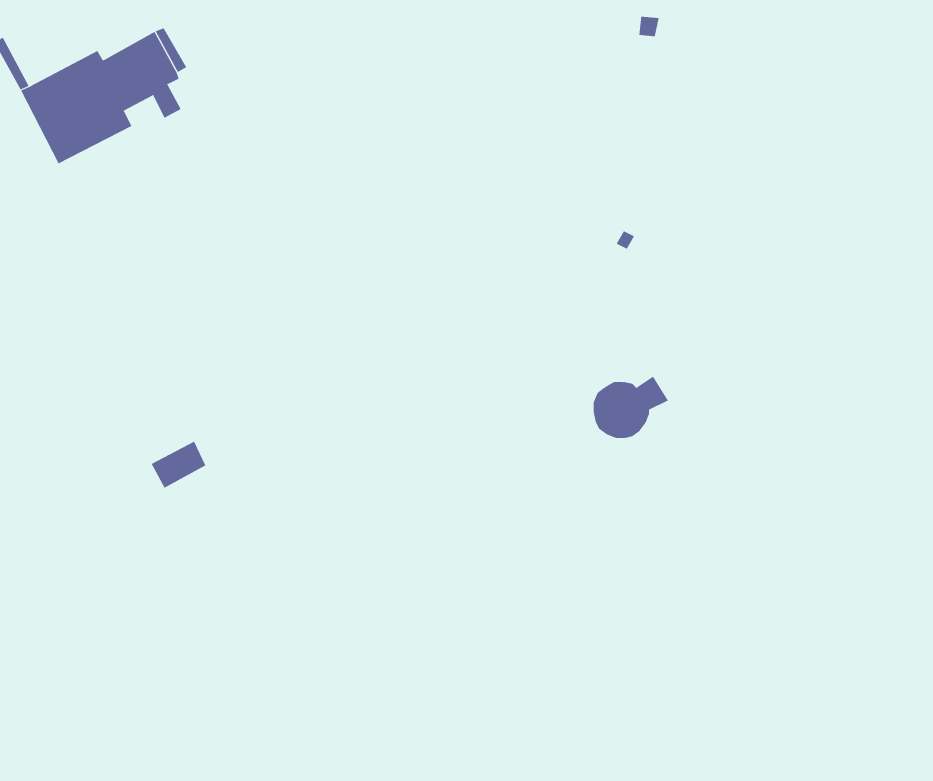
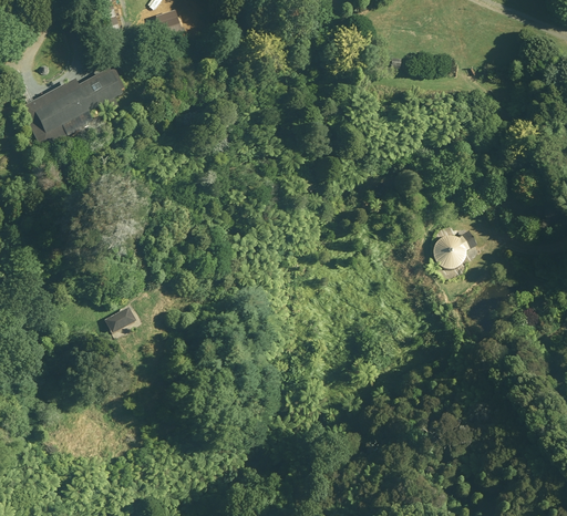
building: [593,376,669,438] -> [432,231,476,268]

